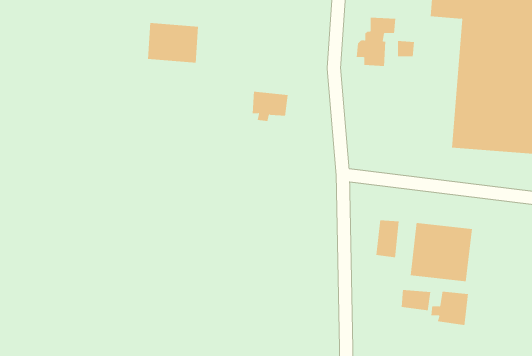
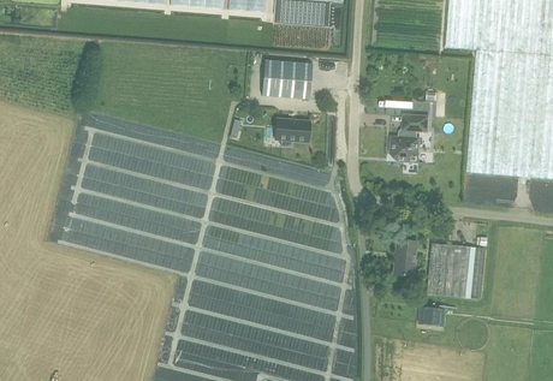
building: [356,17,396,66] -> [391,115,429,162]
building: [147,23,199,63] -> [263,60,313,99]
building: [431,291,468,326] -> none

